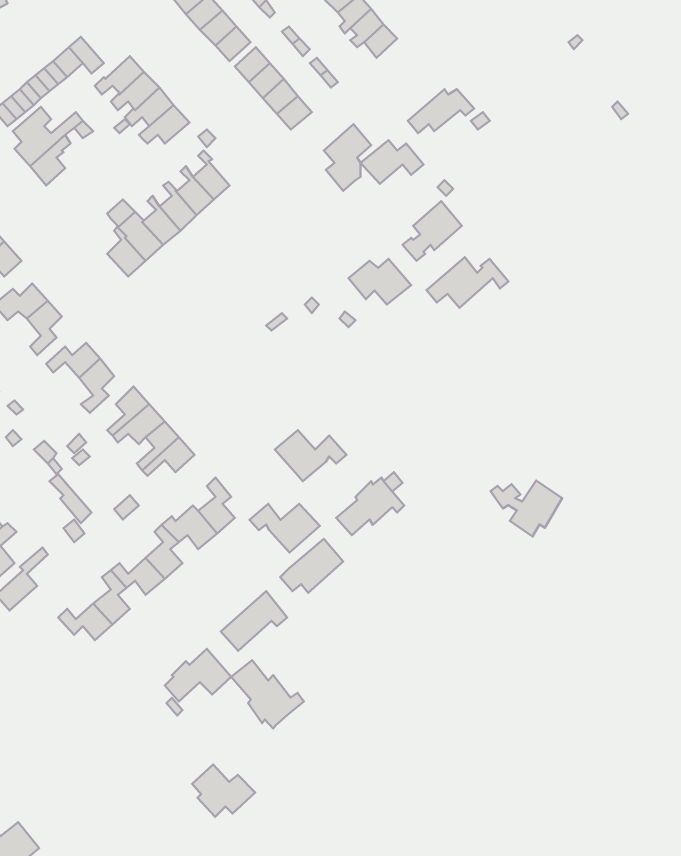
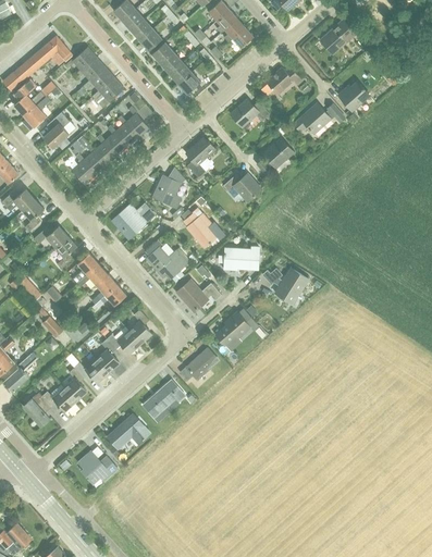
building: none -> [319,20,355,53]
building: none -> [337,82,369,110]
building: [324,124,371,191] -> [185,136,214,177]
building: none -> [42,112,70,148]
building: none -> [152,166,184,208]
building: [426,257,509,308] -> [293,102,344,134]
building: none -> [112,202,155,238]
building: none -> [183,207,224,247]
building: none -> [146,243,187,278]
building: none -> [223,247,258,269]
building: [491,481,562,537] -> [263,268,308,302]
building: [249,504,320,552] -> none
building: none -> [23,392,51,425]
building: [231,660,304,729] -> none
building: [192,764,255,817] -> [77,450,116,483]

